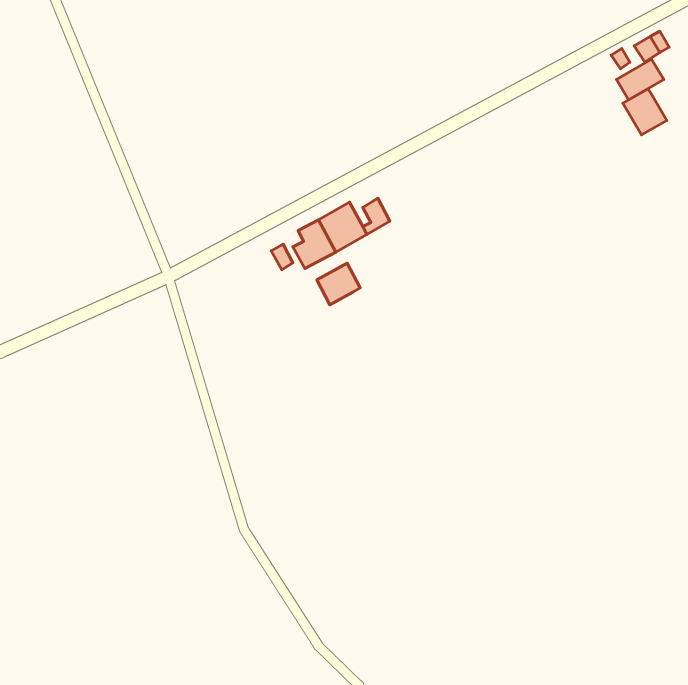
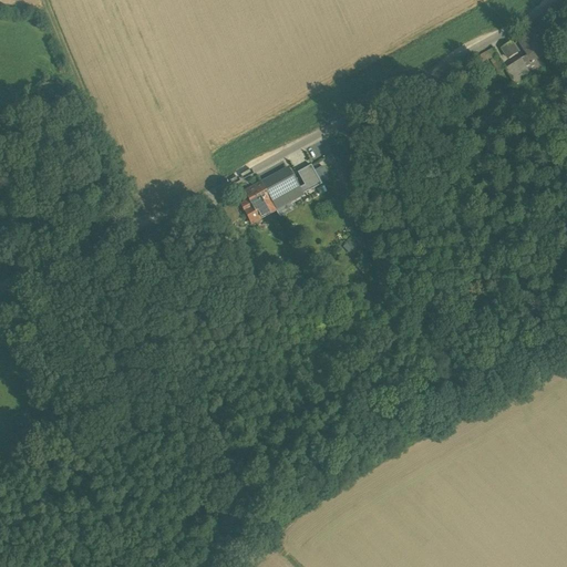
building: [623,89,667,135] -> none
building: [317,263,360,305] -> none

